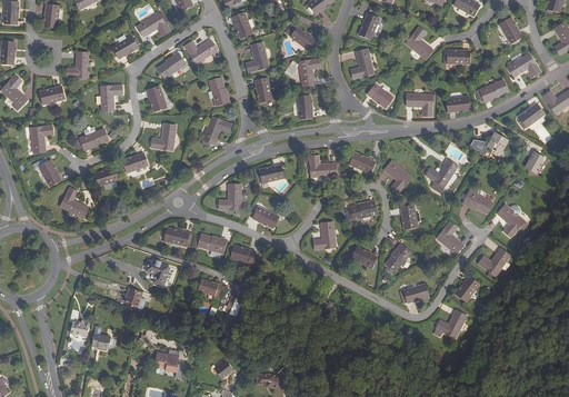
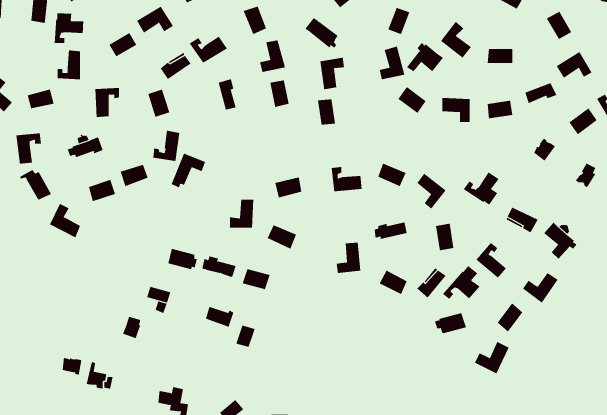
building: none -> [54,13,84,44]
building: none -> [406,42,444,72]
building: [200,116,231,147] -> [171,153,206,188]
building: none -> [442,265,480,300]

